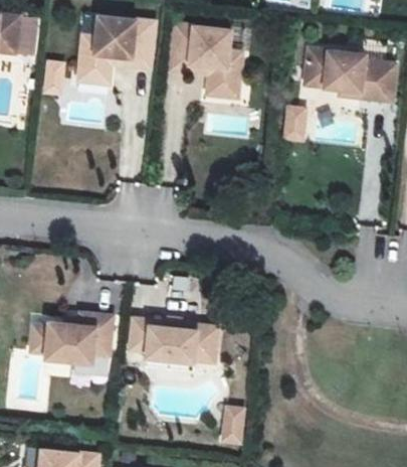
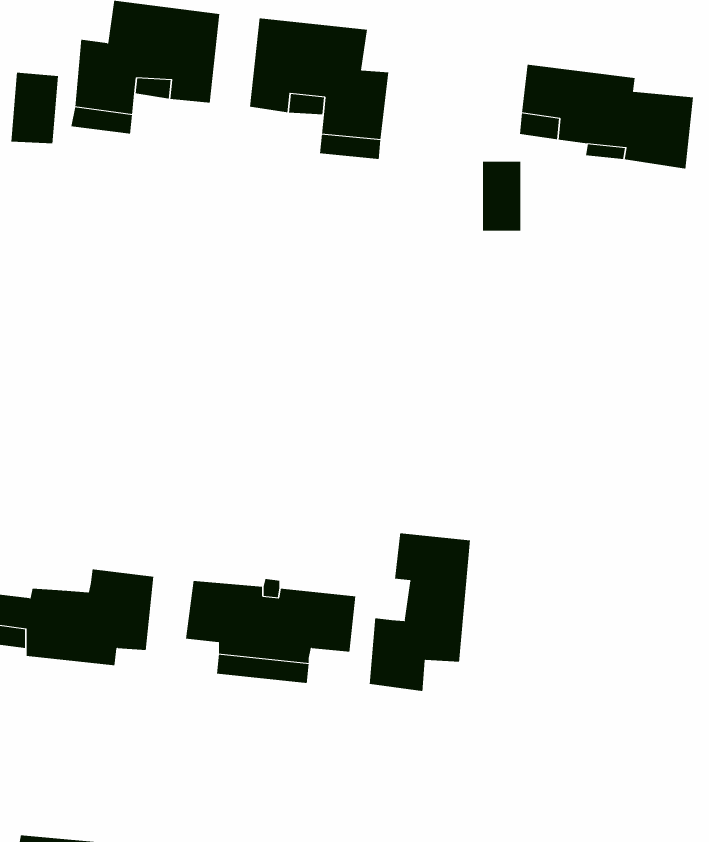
building: none -> [369,532,471,692]
building: [221,399,248,442] -> none

